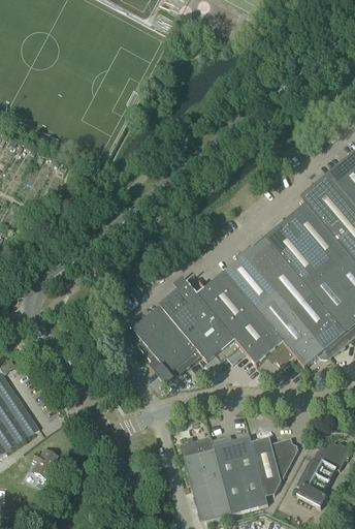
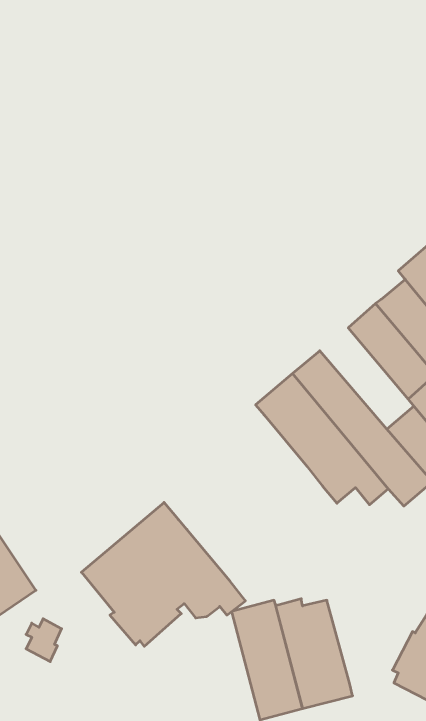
building: [245,238,313,311] -> none
building: [128,281,247,385] -> [81,502,245,646]
building: [250,435,299,496] -> none

